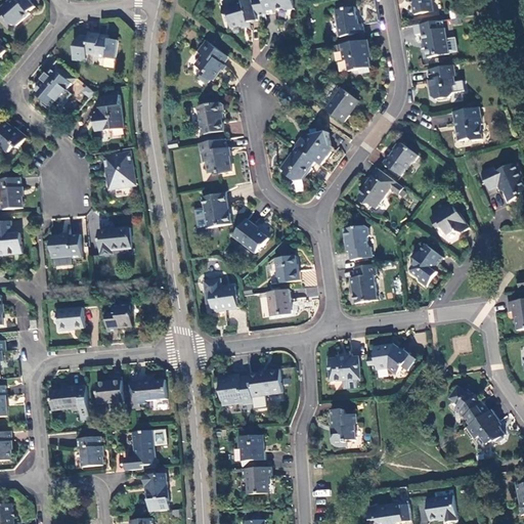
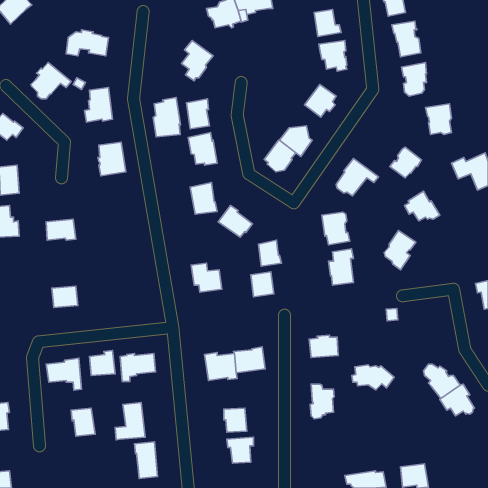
building: none -> [153,97,180,137]
building: [385,143,419,176] -> [390,147,421,178]
building: [98,226,130,253] -> none
building: [105,303,131,330] -> none
building: [370,347,416,374] -> [352,365,394,390]

